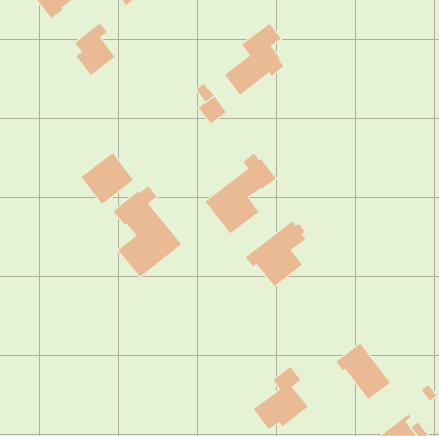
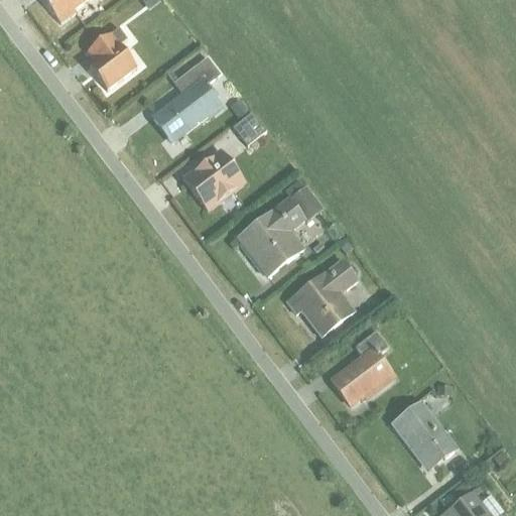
building: [224,23,284,95] -> [152,56,223,141]
building: [80,152,134,205] -> [181,149,244,211]
building: [113,185,183,279] -> none
building: [253,366,309,430] -> [331,330,396,404]

